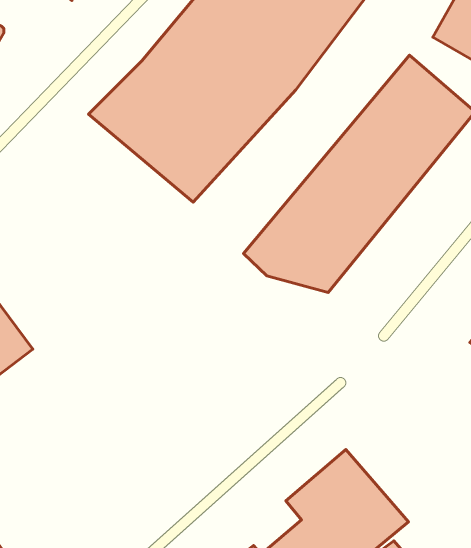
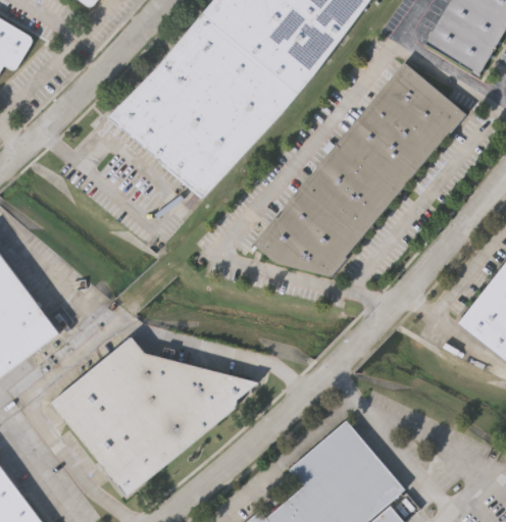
building: none -> [51,338,256,498]

